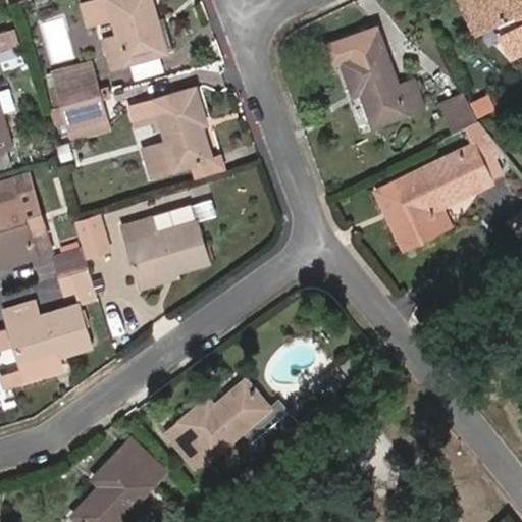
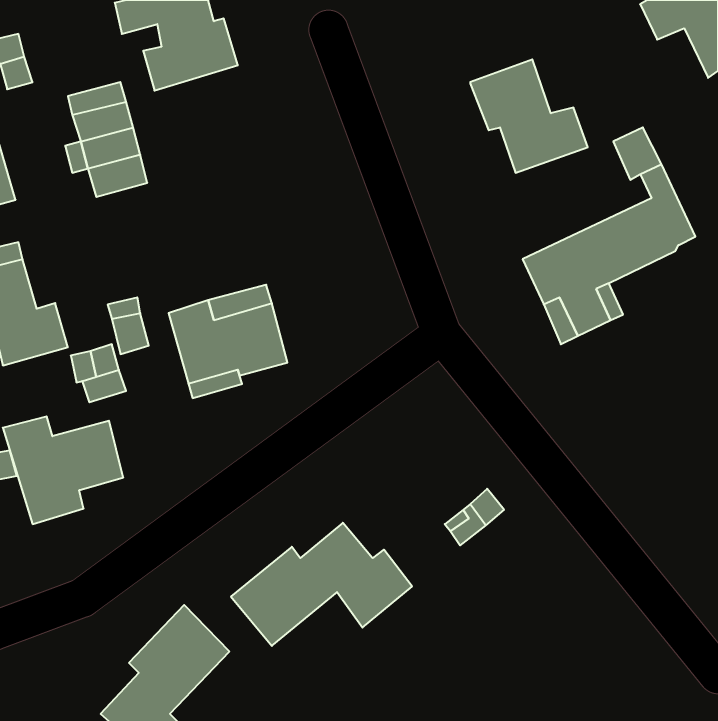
building: [322,25,383,64] -> none
building: [132,88,209,177] -> none

